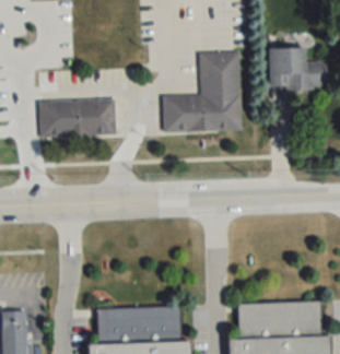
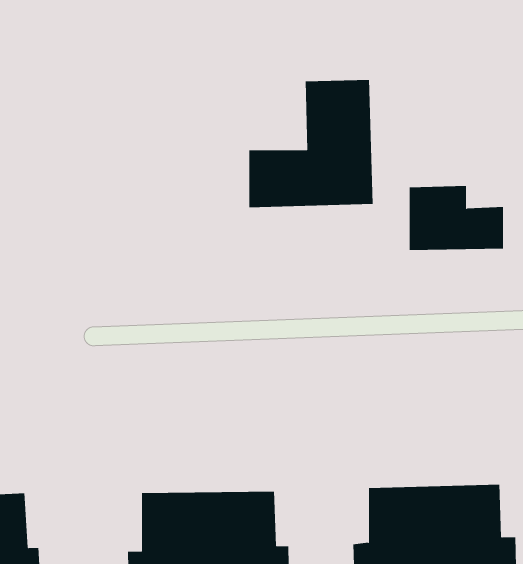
building: [270,47,329,87] -> [409,185,504,251]
building: [40,98,116,135] -> none

